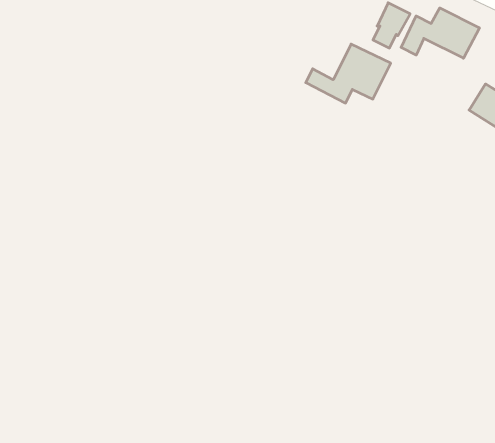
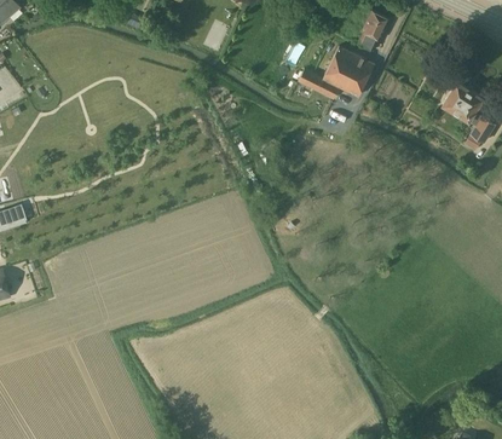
building: [401,8,479,58] -> none

